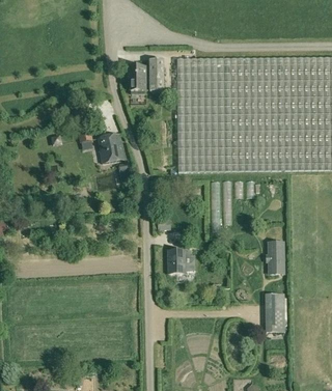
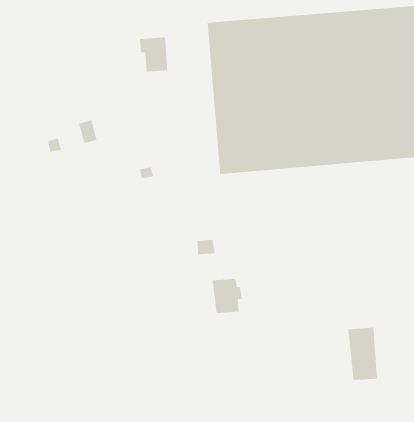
building: [149,58,164,90] -> none
building: [98,134,123,162] -> none
building: [265,241,285,274] -> none

